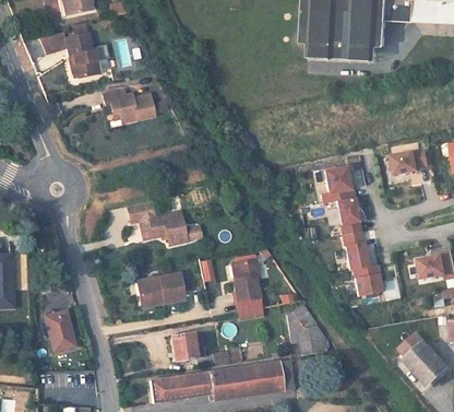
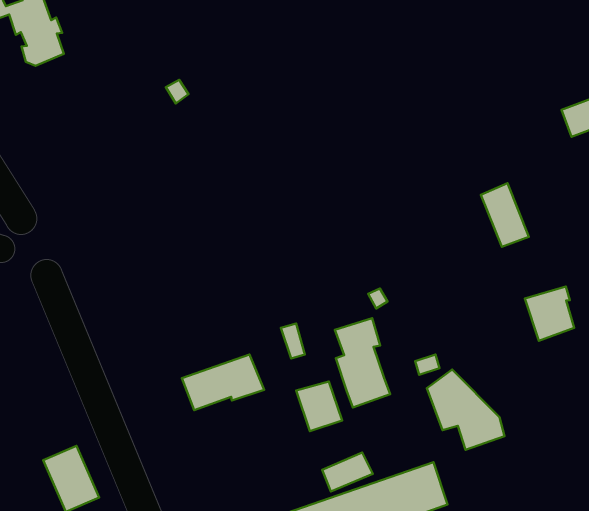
building: [103,91,154,120] -> none
building: [324,166,356,202] -> none
building: [127,202,187,246] -> none
building: [346,231,370,268] -> none
building: [169,333,194,362] -> [296,382,342,431]

